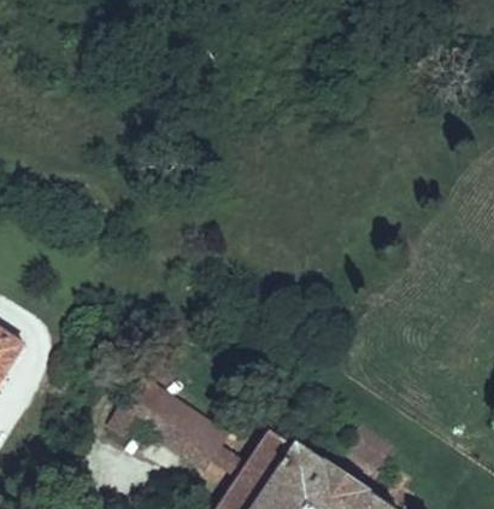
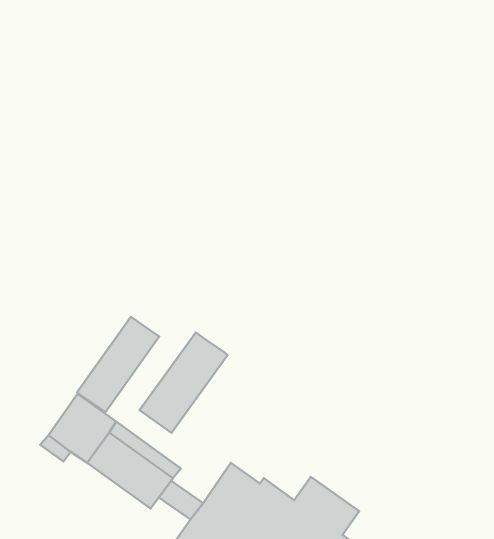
building: none -> [77,317,159,412]
building: none -> [140,333,228,433]

